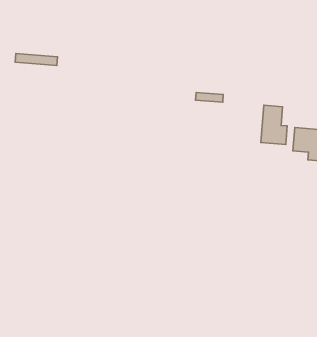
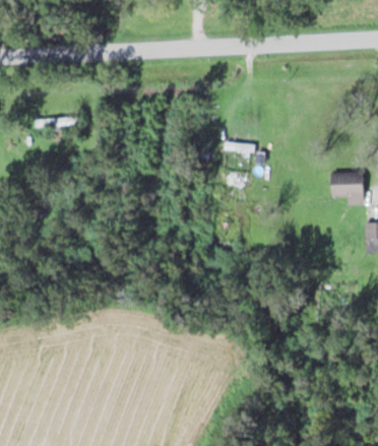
building: [261,105,287,144] -> none

